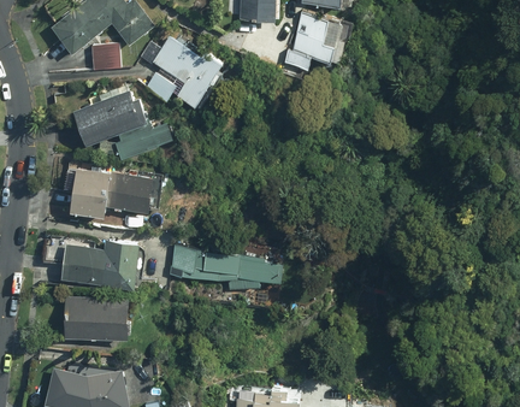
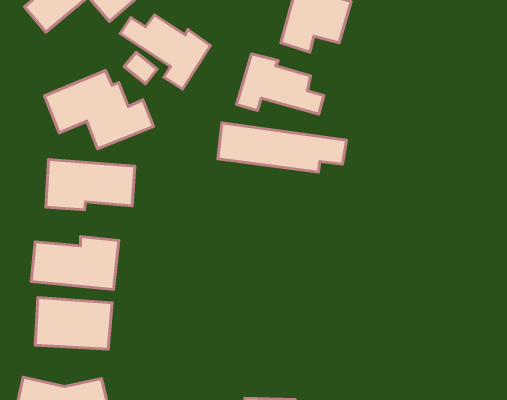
building: [91,42,120,71] -> none
building: none -> [237,54,324,114]
building: [170,243,286,288] -> [218,123,347,172]

